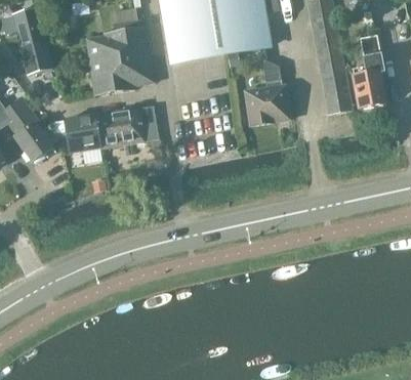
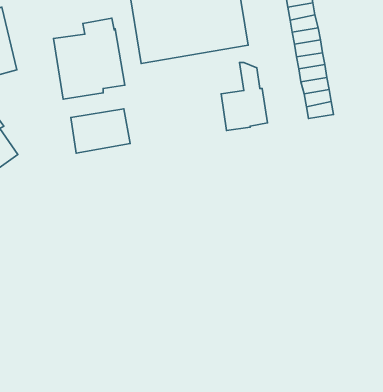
building: [353,35,384,108] -> none
building: [69,113,107,152] -> none

